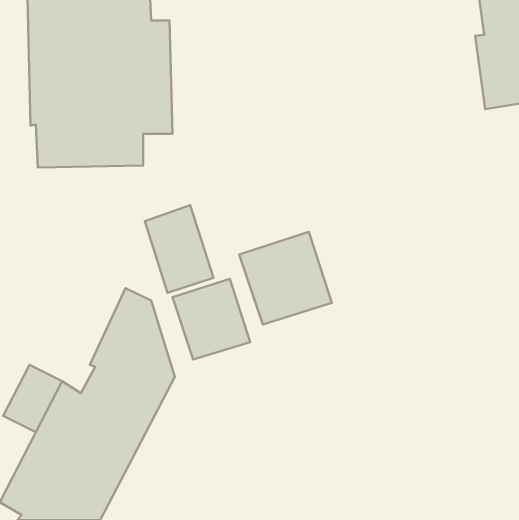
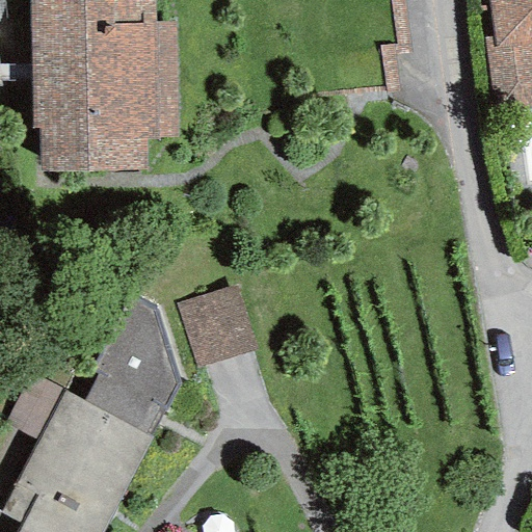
building: [145,205,213,293] -> none
building: [239,232,332,325] -> none

